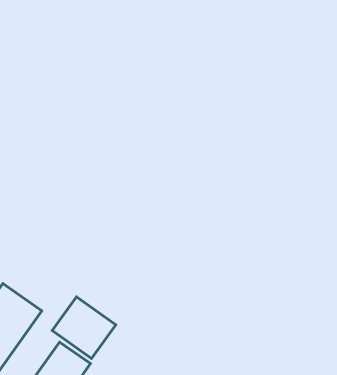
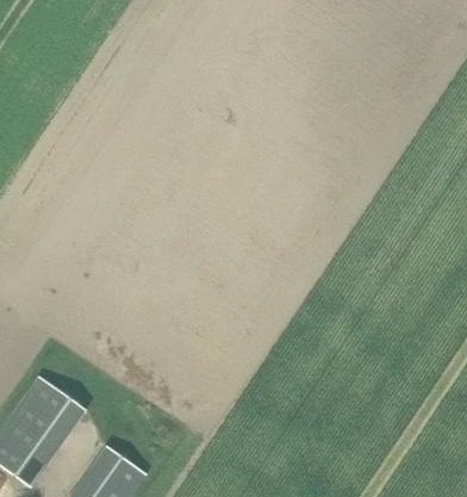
building: [52,297,116,358] -> none

